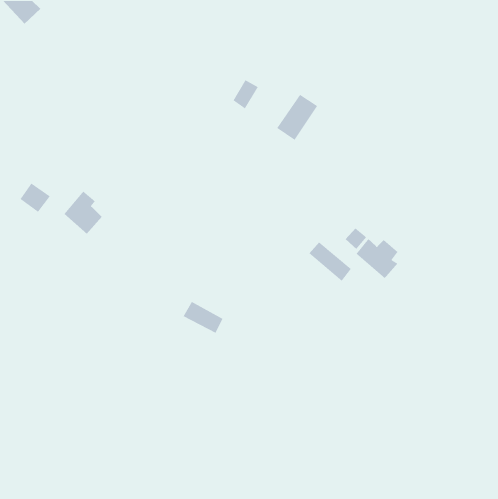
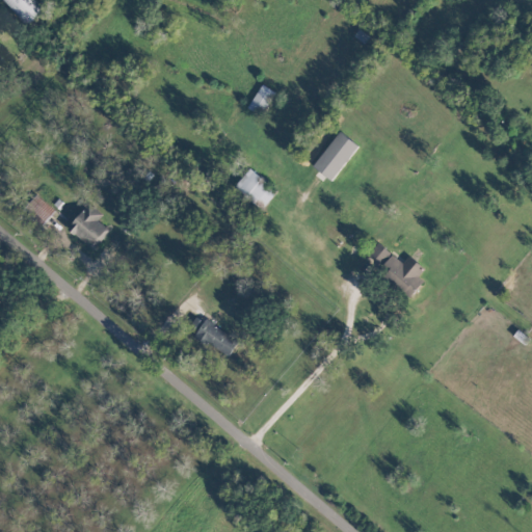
building: [276,94,318,141] -> [313,131,357,181]
building: none -> [234,168,277,209]
building: [308,242,352,282] -> none

